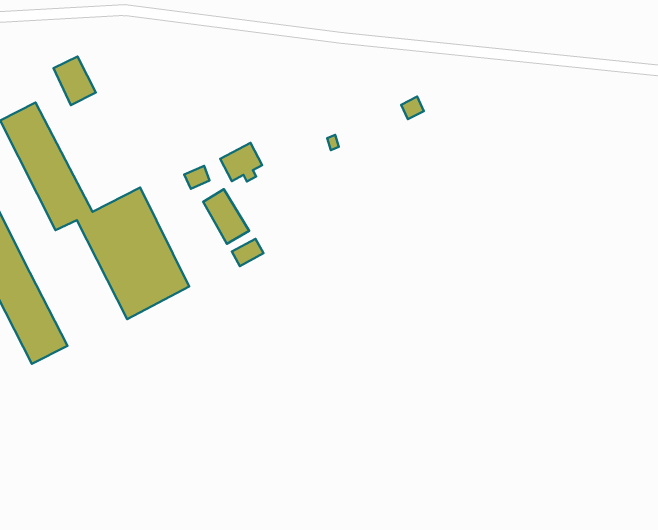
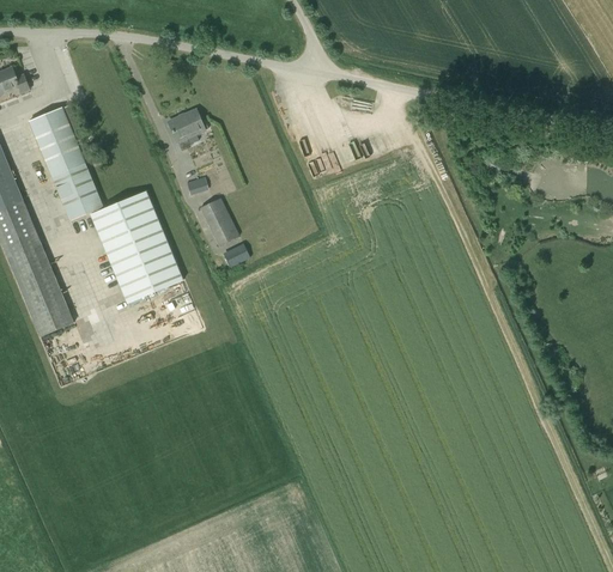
building: [54,56,96,105] -> none
building: [220,143,262,181] -> [168,109,204,142]

